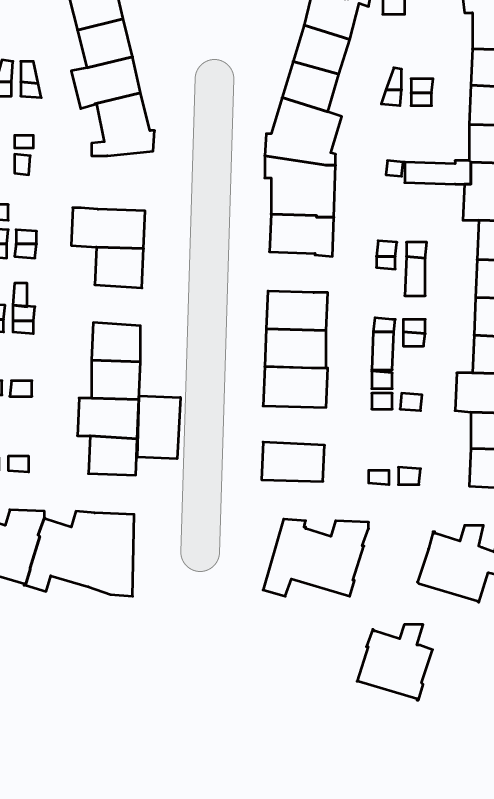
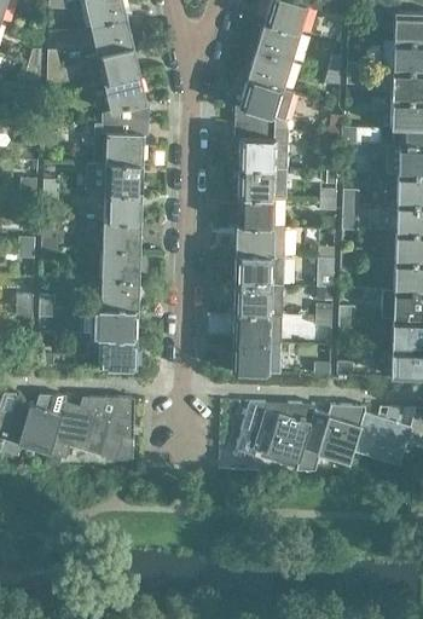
building: none -> [100,120,147,166]
building: none -> [236,197,272,228]
building: none -> [102,222,139,254]
building: [137,396,180,459] -> none
building: none -> [232,316,280,346]
building: [357,625,433,700] -> [301,406,359,464]

